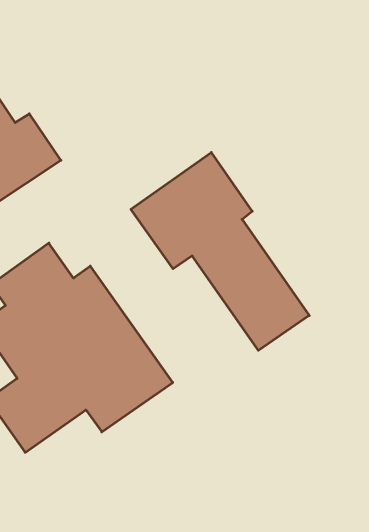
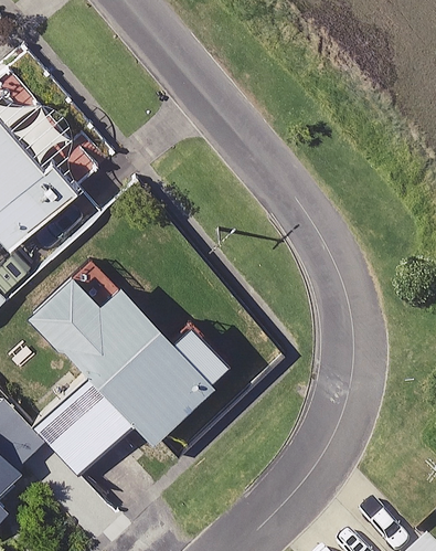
building: [131,152,309,350] -> none

